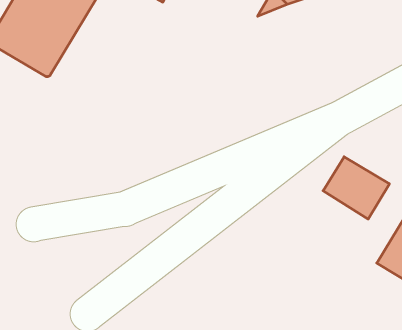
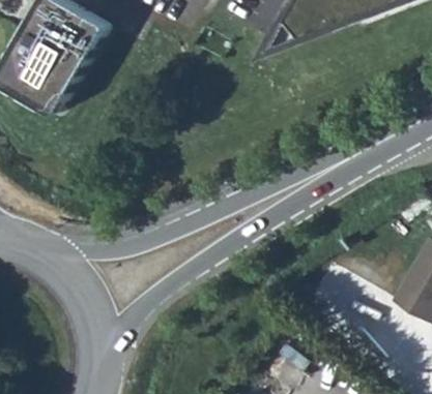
building: [323,157,389,219] -> none

